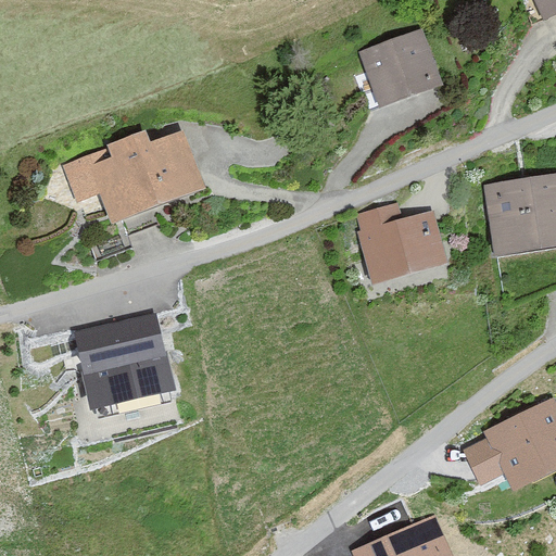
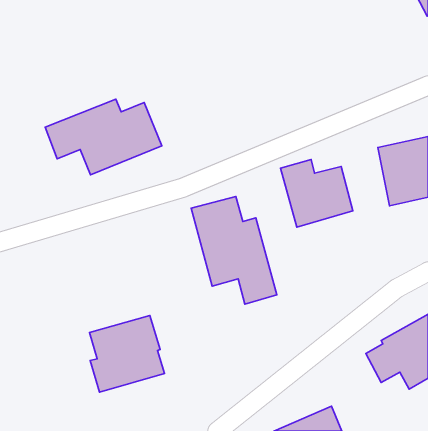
building: [359,29,442,108] -> none
building: none -> [191,196,277,304]
building: [80,314,176,412] -> [89,315,164,392]

